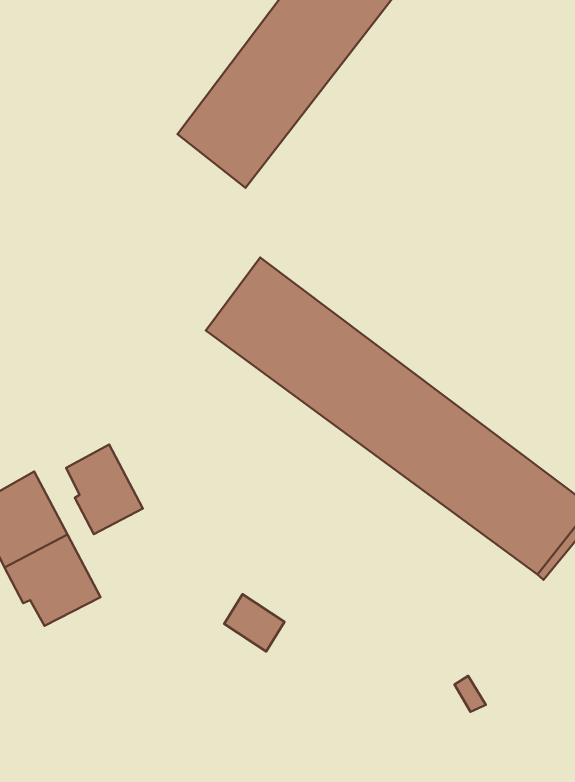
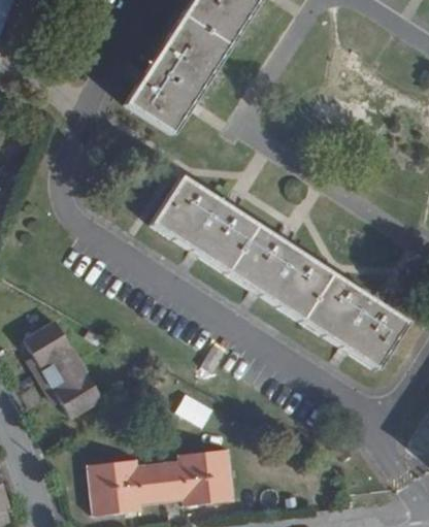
building: [66,445,143,534] -> none
building: none -> [84,447,227,509]

